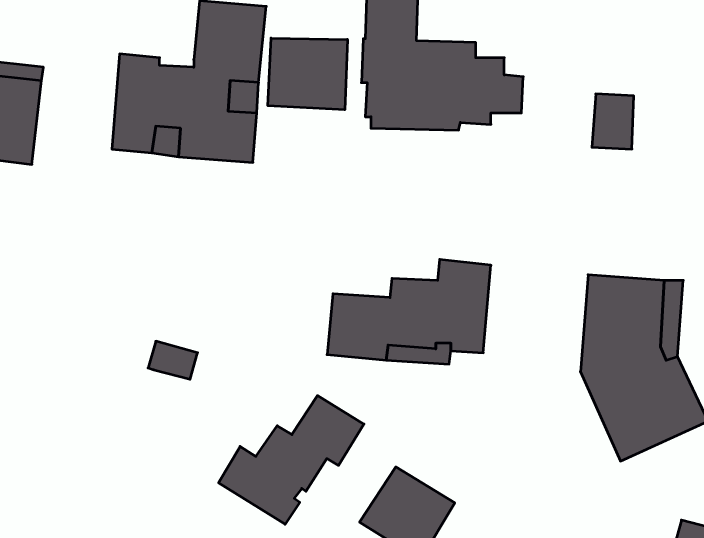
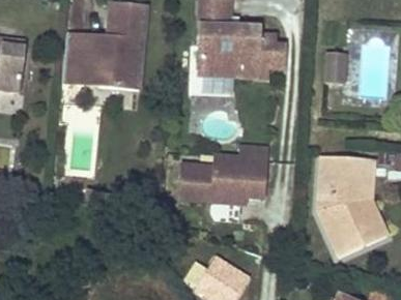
building: [268,38,347,110] -> none
building: [219,396,364,524] -> none

